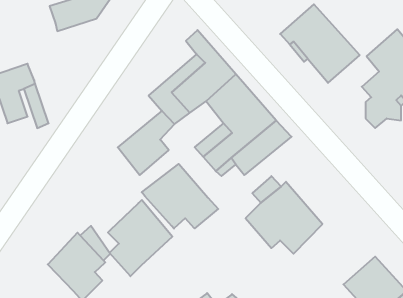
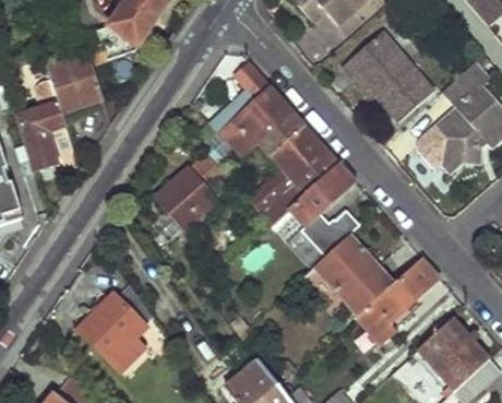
building: none -> [46,55,103,119]
building: [142,164,218,229] -> none
building: [108,200,172,276] -> none
building: none -> [359,258,439,341]

